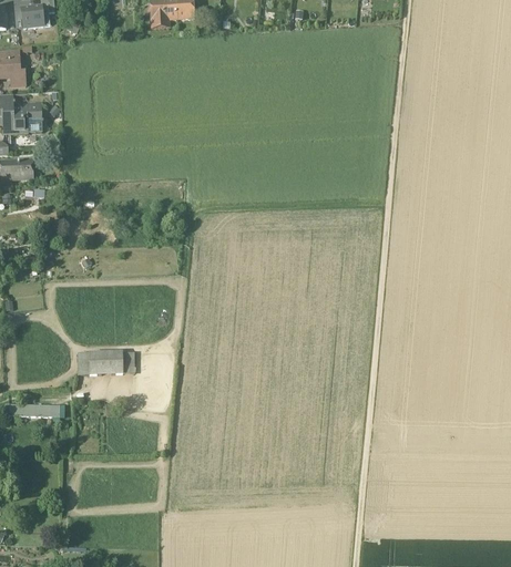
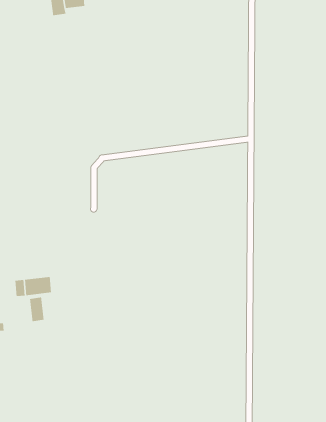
building: none -> [29,296,45,322]

